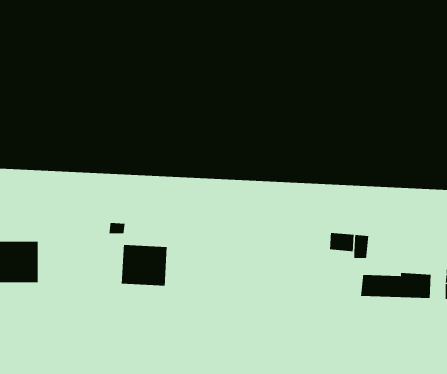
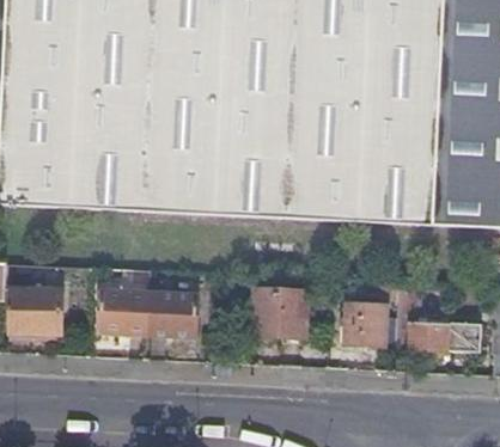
building: none -> [254,286,307,332]
building: none -> [100,287,151,332]
building: none -> [348,302,386,341]

